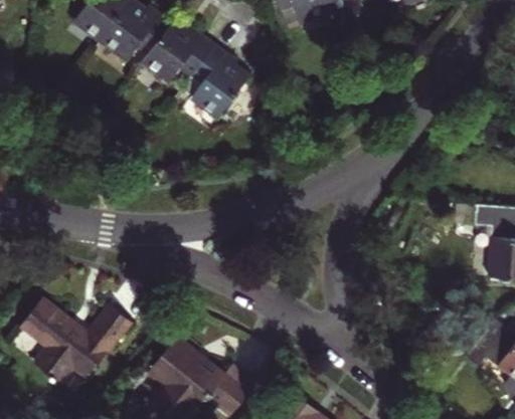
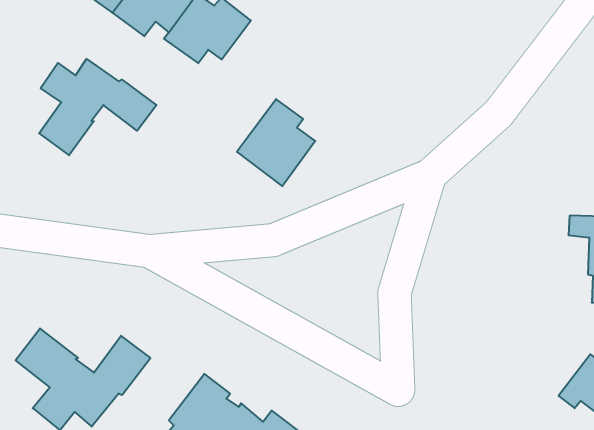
building: [184,46,248,118] -> [237,99,315,186]
building: none -> [39,59,156,155]

